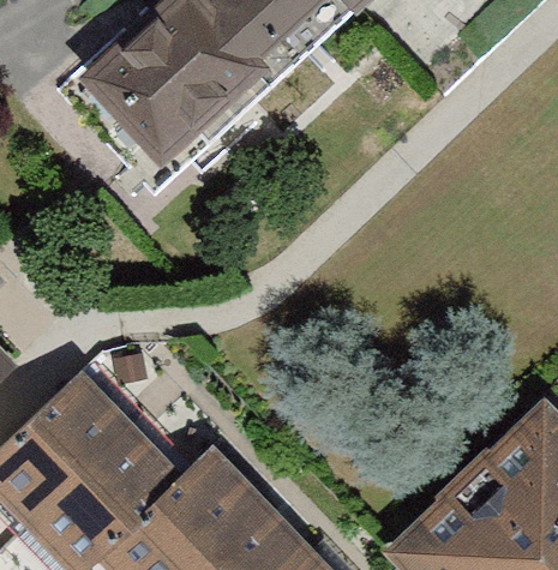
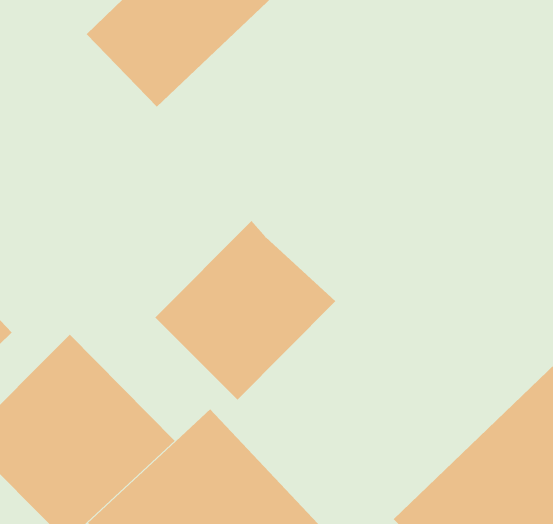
building: none -> [154,220,336,401]

